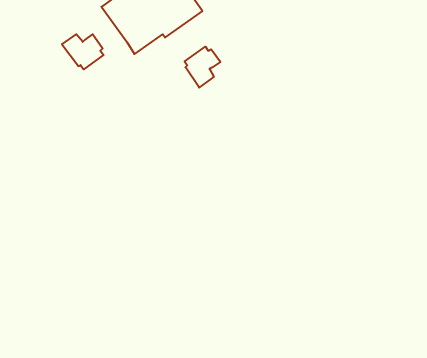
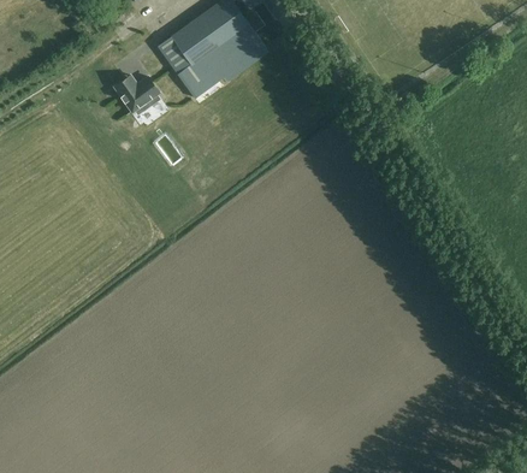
building: [185,47,220,88] -> none

